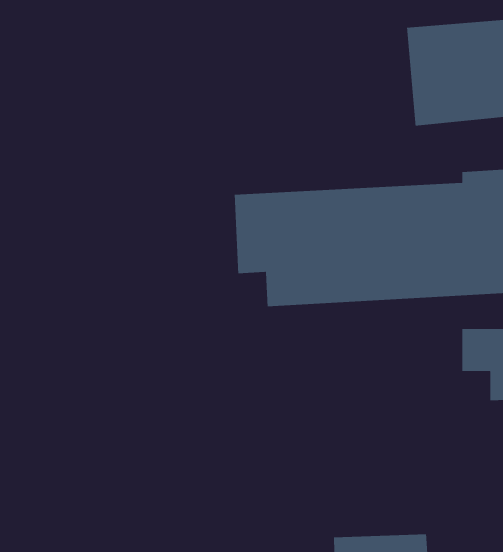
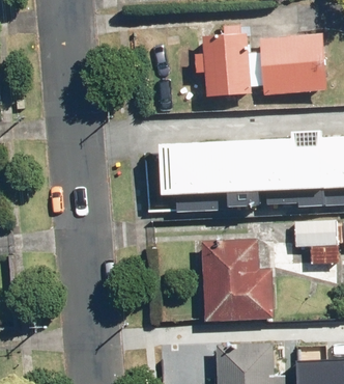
building: none -> [201,33,251,97]
building: none -> [201,238,274,323]

